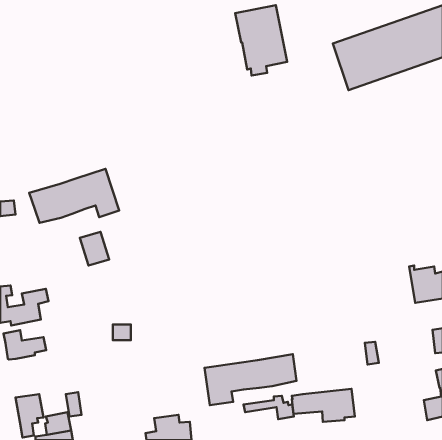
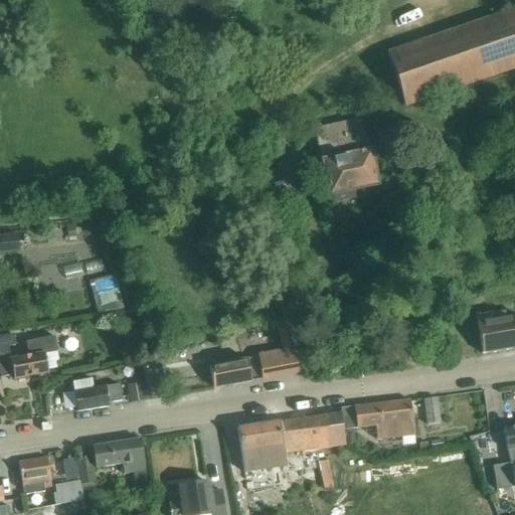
building: [235,5,287,76] -> [315,117,375,198]
building: [29,169,119,223] -> none
building: none -> [210,345,302,385]
building: [4,330,46,360] -> [72,375,122,409]
building: none -> [93,438,148,487]
building: [292,389,355,422] -> [341,398,414,437]

